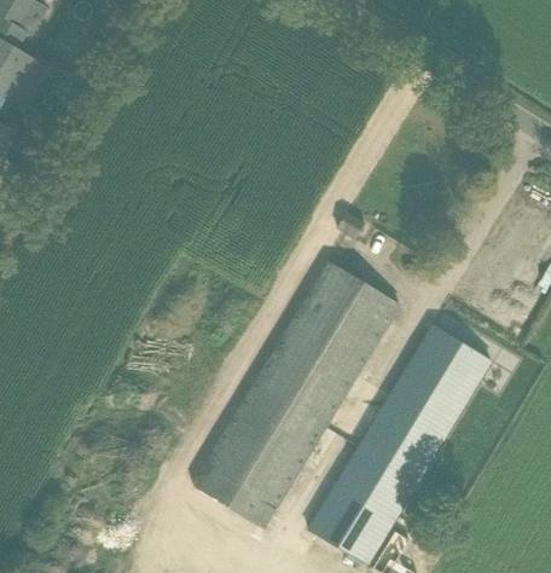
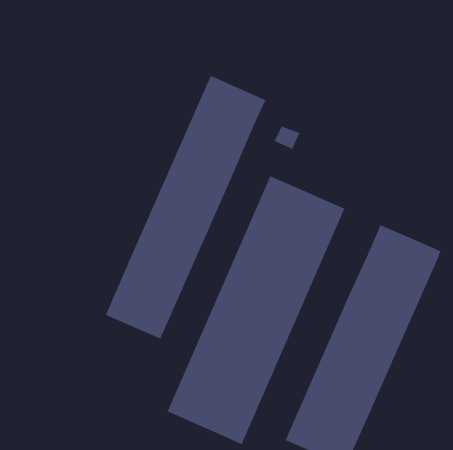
building: none -> [105,75,266,340]

